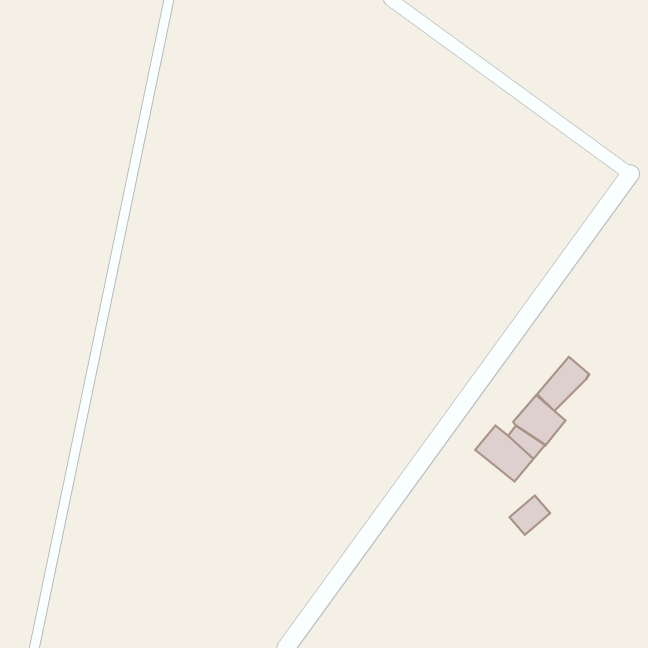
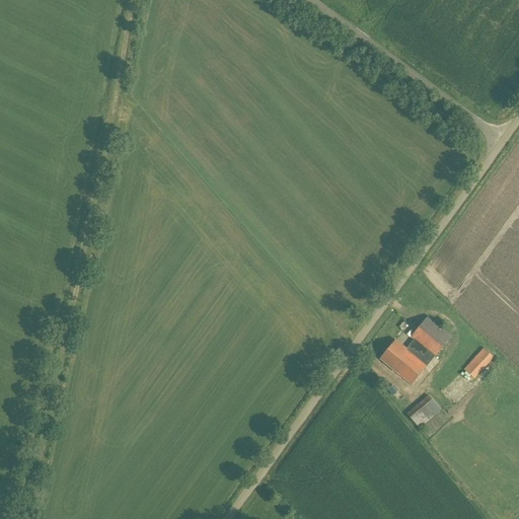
building: [537,357,589,411] -> none
building: none -> [463,348,493,378]

